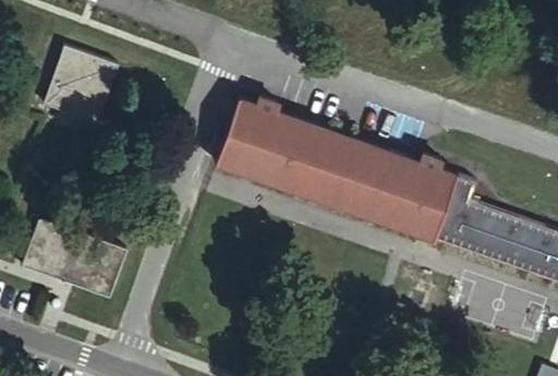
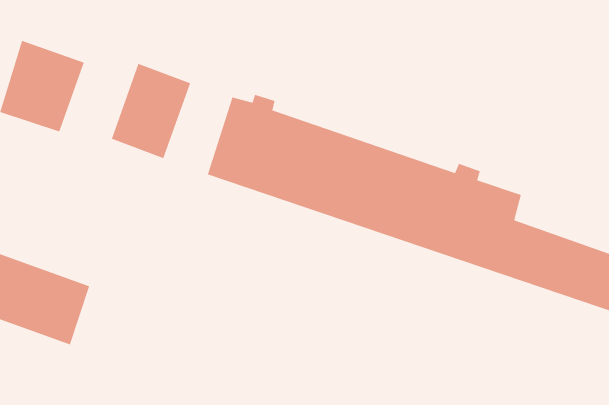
building: none -> [111,63,191,159]

